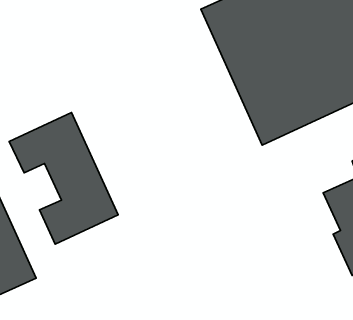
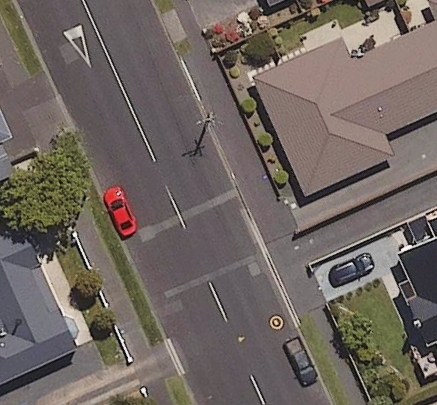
building: [9,113,118,244] -> none

